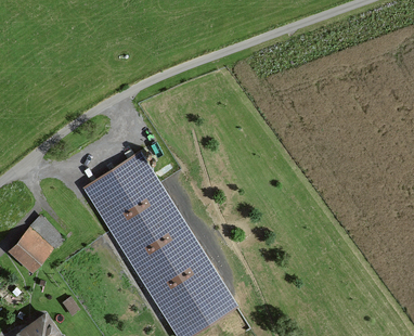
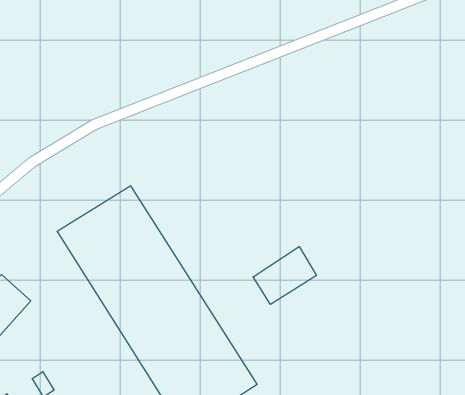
building: none -> [253,247,316,304]

